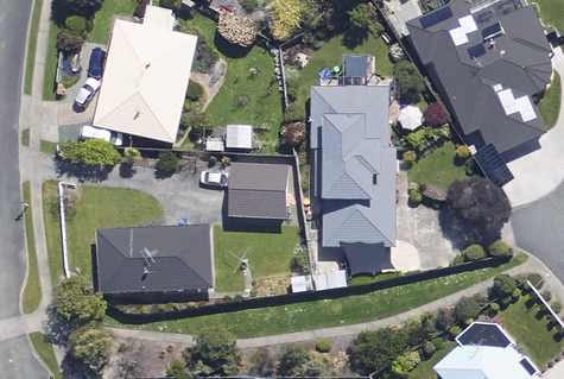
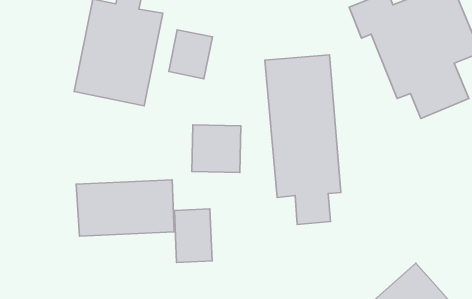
building: none -> [169,30,212,79]
building: none -> [174,209,212,262]

